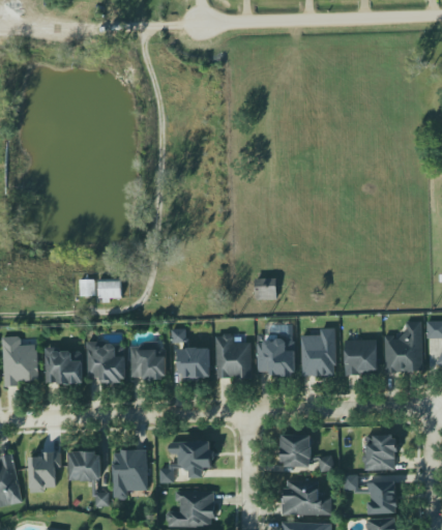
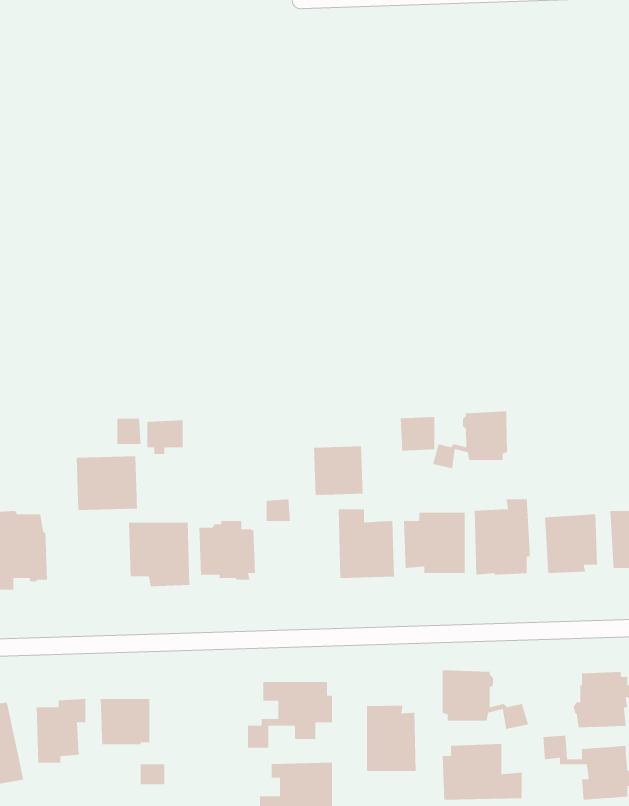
building: none -> [432,411,508,469]
building: [179,347,210,378] -> [313,446,363,496]
building: [45,349,83,383] -> [76,455,138,511]
building: [113,448,147,499] -> none
building: none -> [366,705,417,772]

